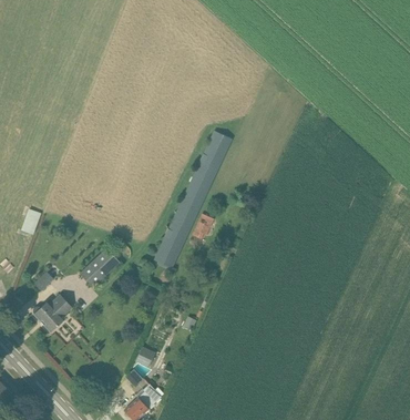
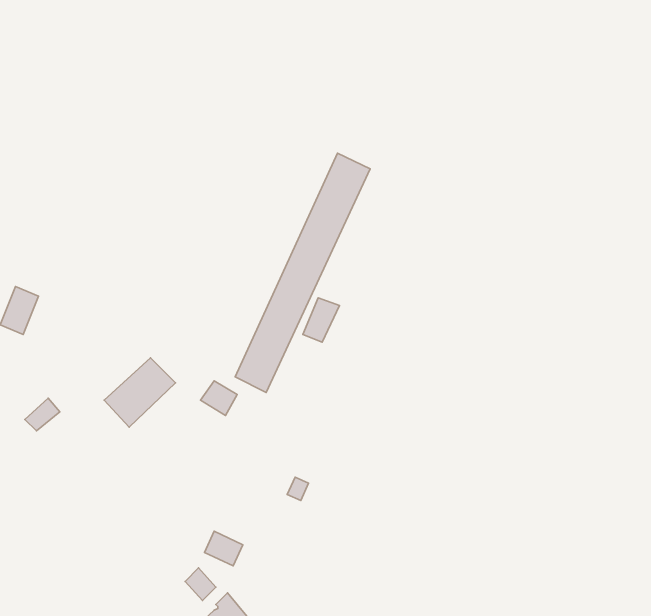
building: [33,295,72,331] -> none

